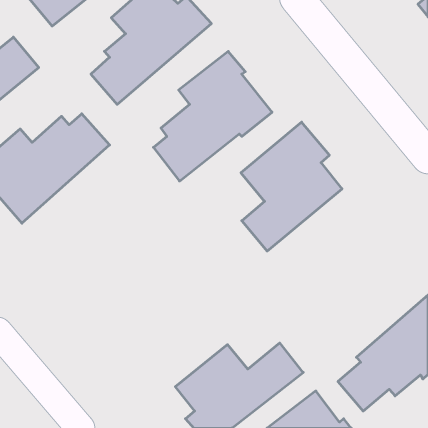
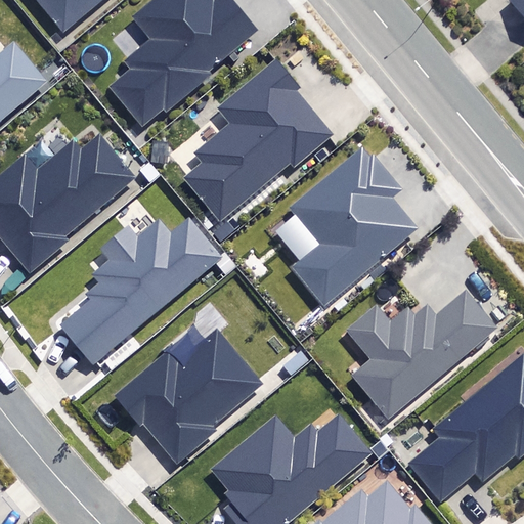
building: none -> [61,220,221,363]
building: none -> [348,293,495,418]
building: none -> [117,332,260,460]

